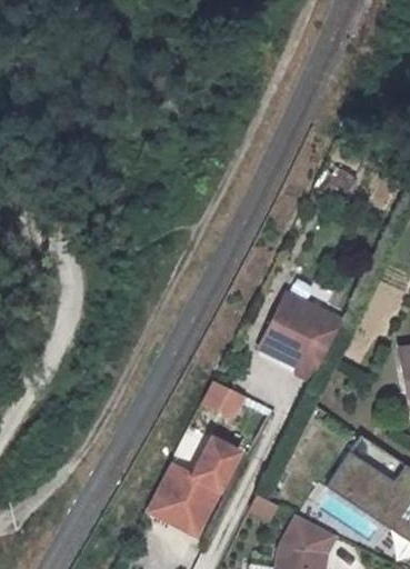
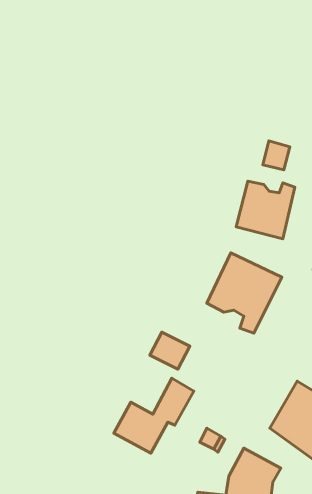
building: none -> [236,181,295,239]
building: [148,485,221,532] -> none

